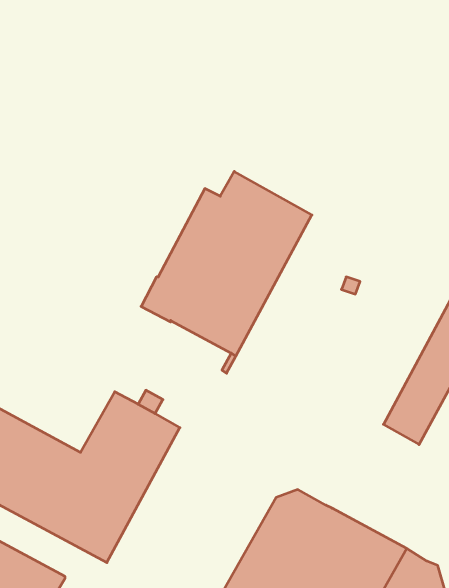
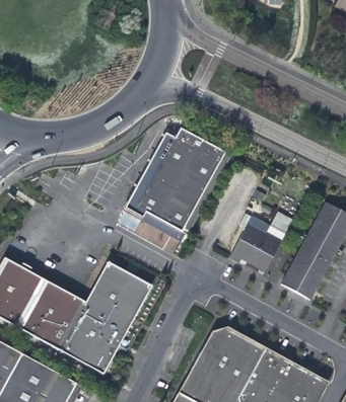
building: none -> [230,212,293,270]

